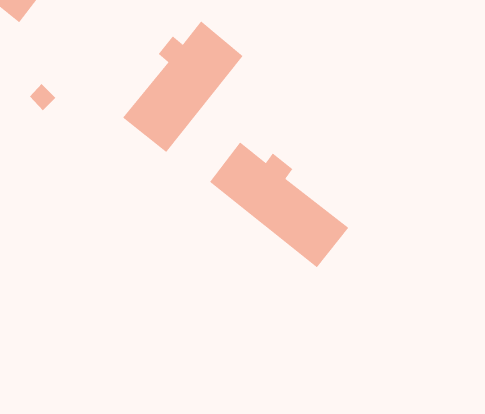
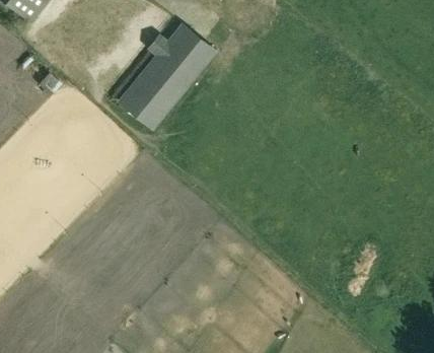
building: [209,142,349,268] -> none

